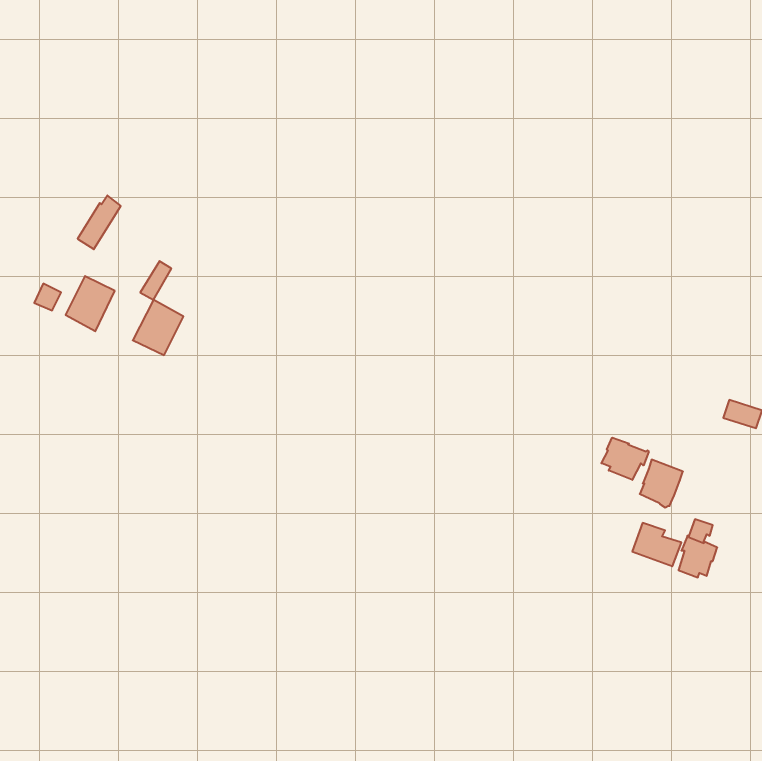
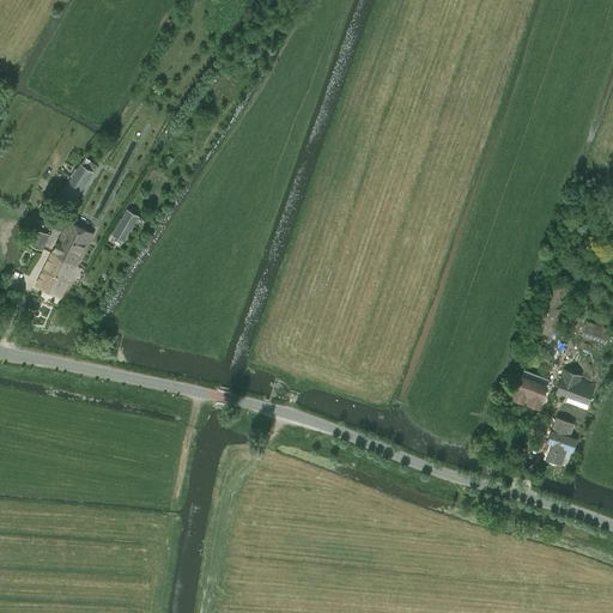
building: [133,300,183,355] -> [36,254,77,298]
building: [601,438,649,480] -> none
building: [632,523,681,566] -> [556,370,595,405]

